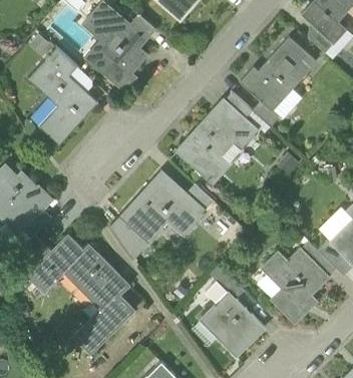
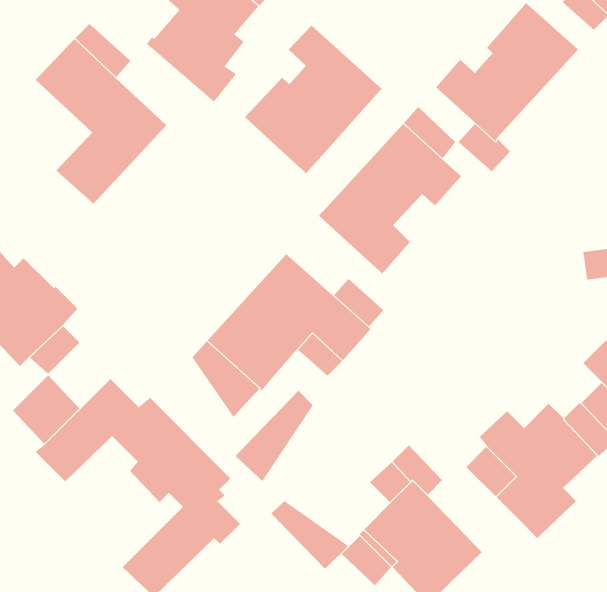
building: none -> [244,25,383,174]
building: none -> [236,390,314,482]
building: none -> [271,500,349,569]

